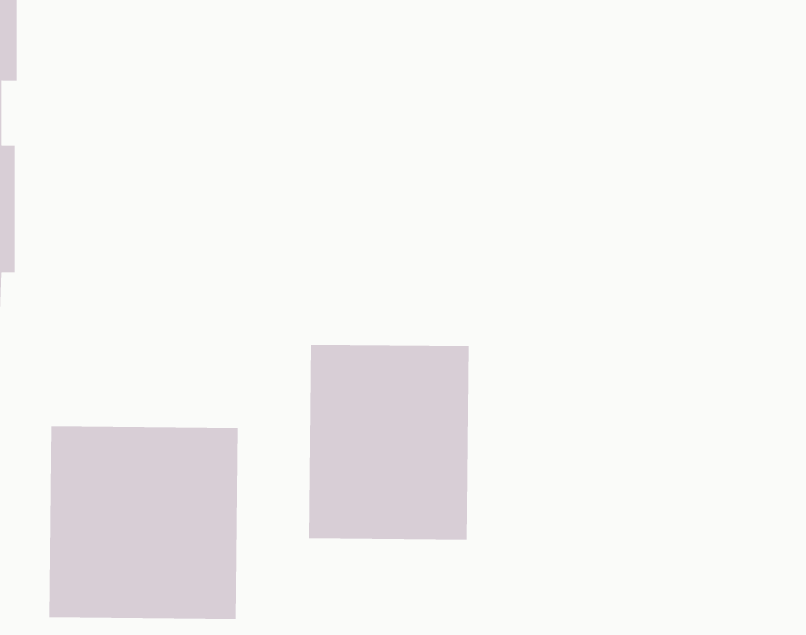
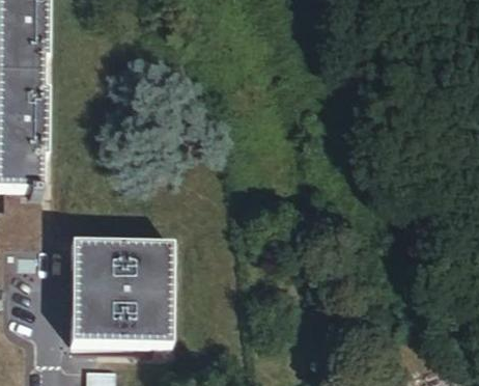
building: [309,344,469,540] -> none

